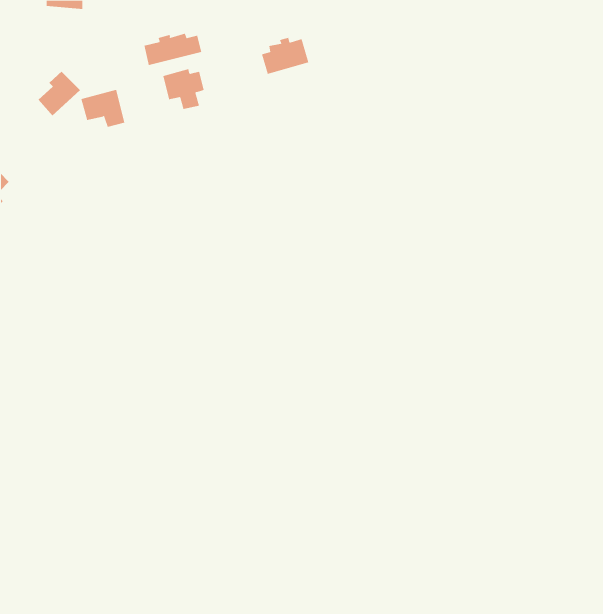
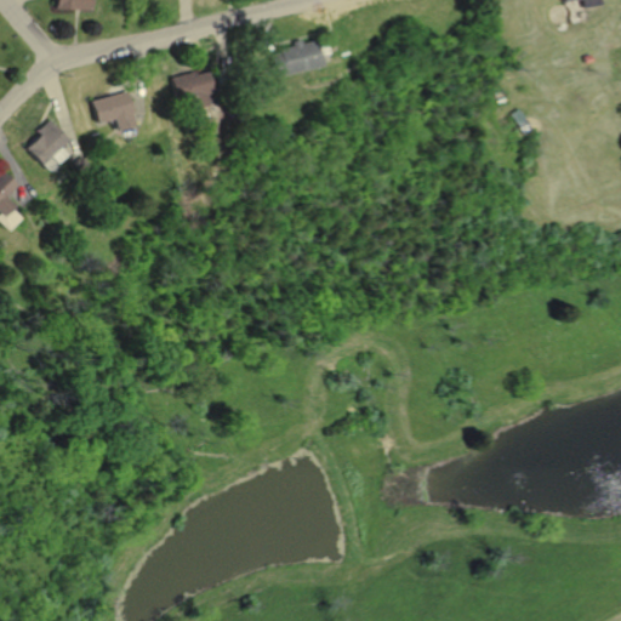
building: [144,33,202,66] -> none
building: [38,71,81,117] -> [29,120,73,166]

